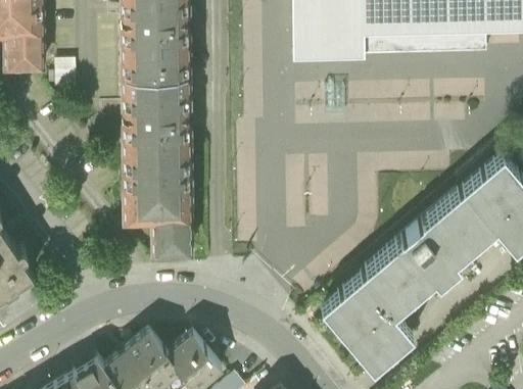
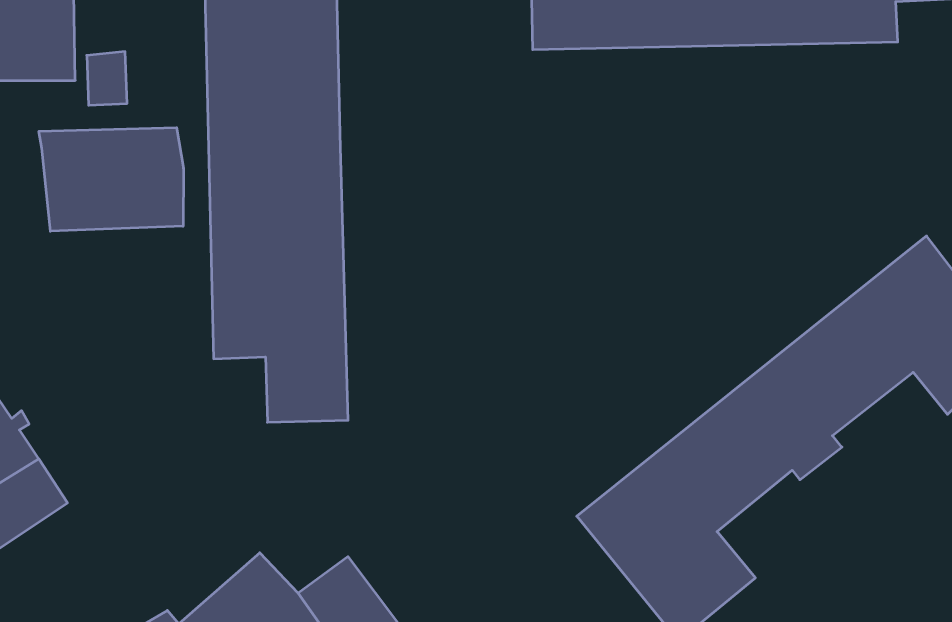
building: none -> [39,128,183,231]

